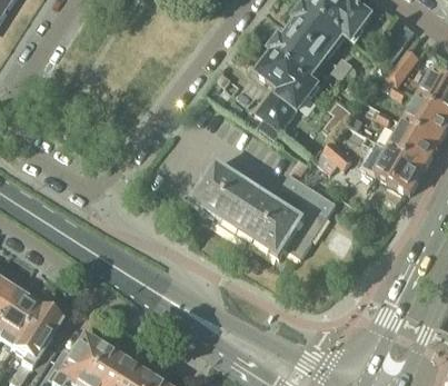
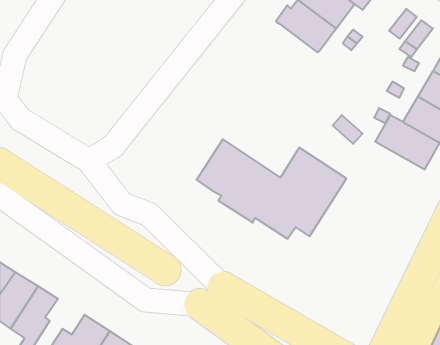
building: [256,49,318,128] -> none

